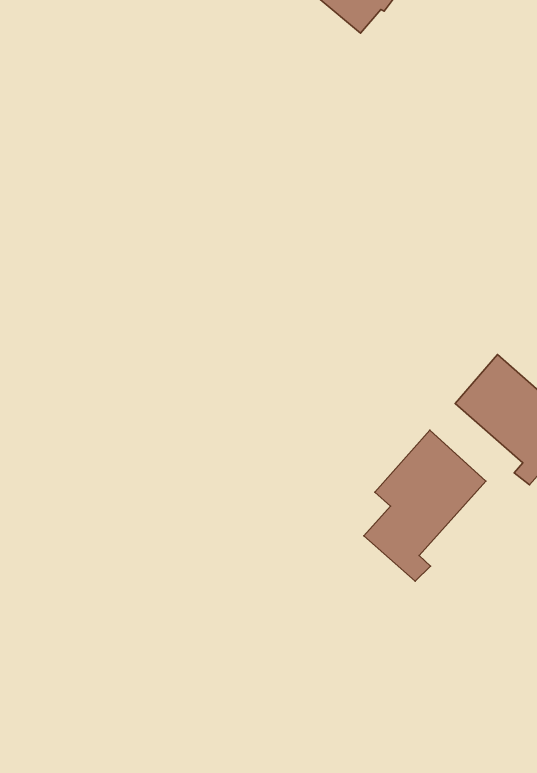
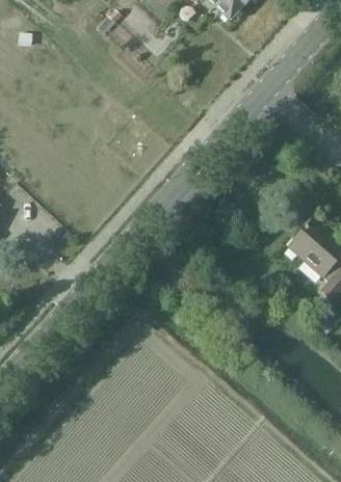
building: [364,430,486,581] -> none

